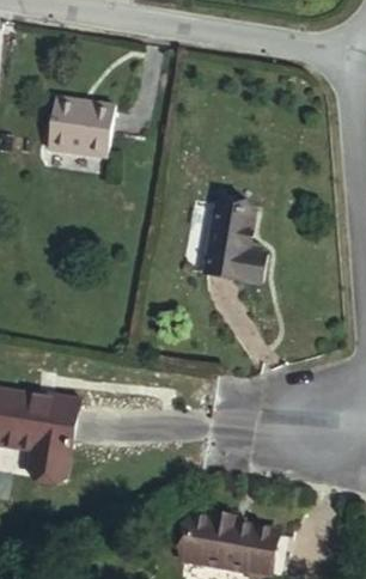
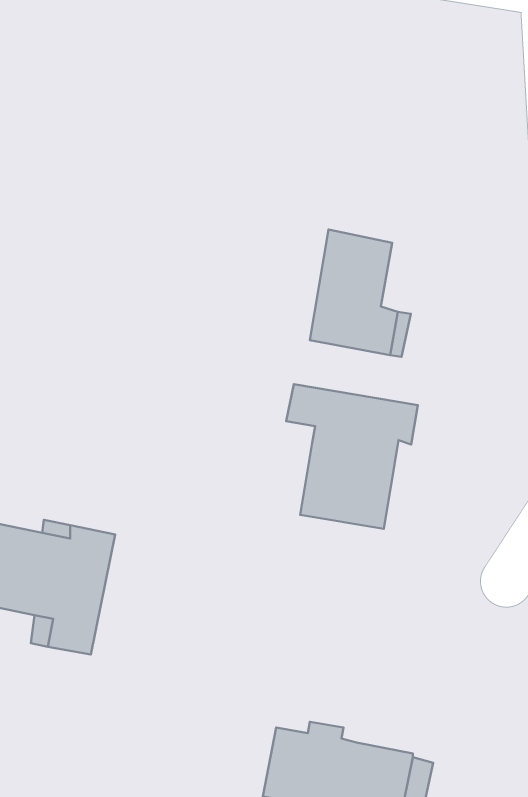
building: [47,95,114,158] -> none
building: none -> [286,384,418,529]

